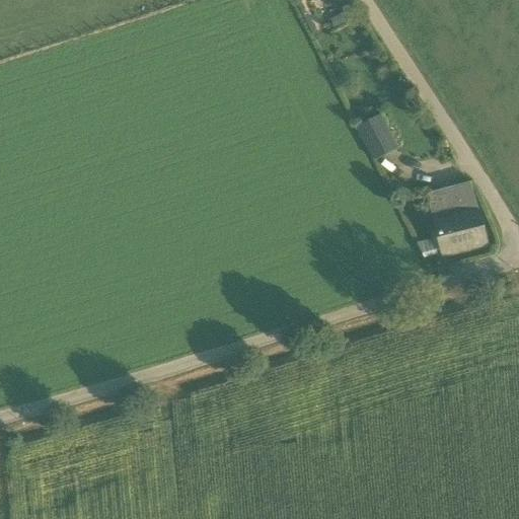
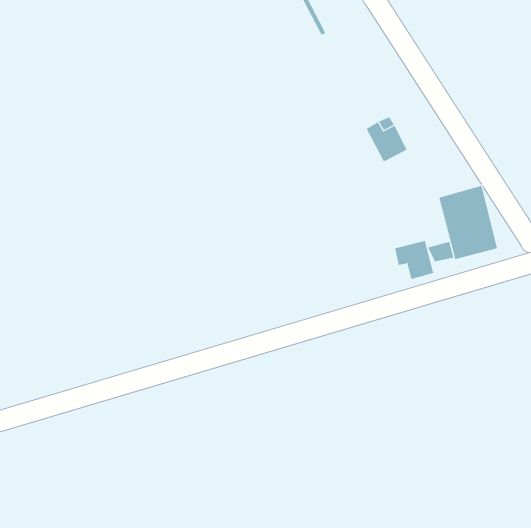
building: none -> [395,240,434,280]

